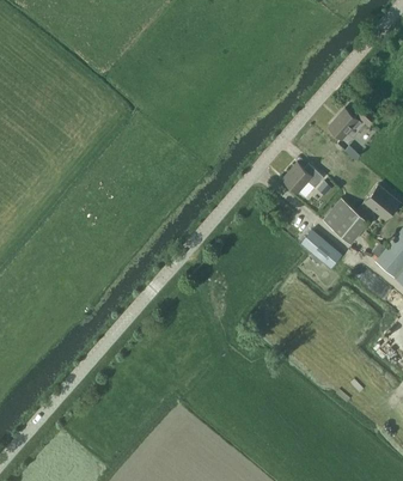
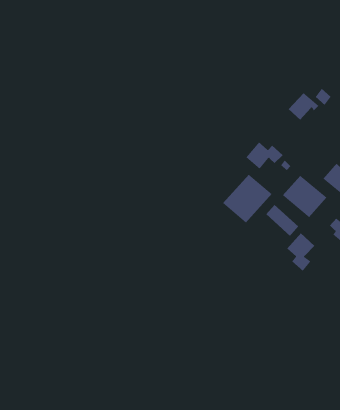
building: none -> [222,174,273,223]
building: none -> [286,233,315,272]

